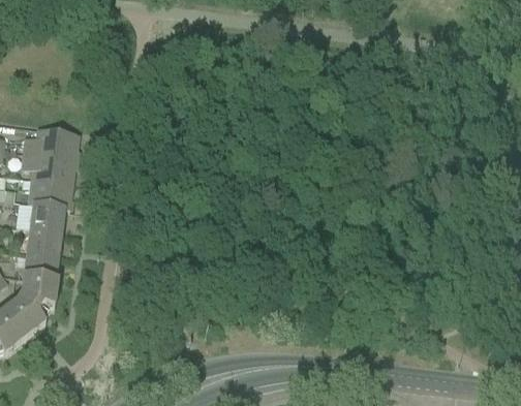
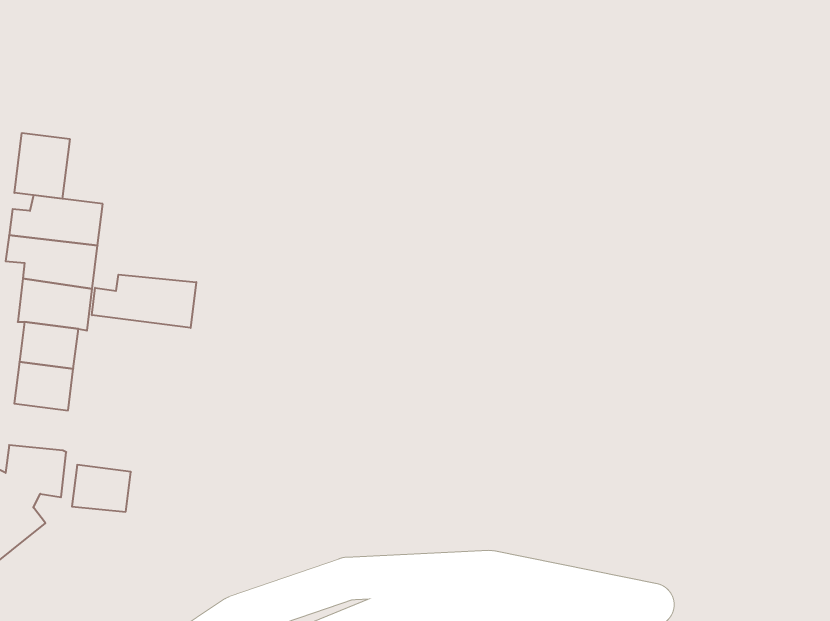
building: none -> [14,133,70,199]
building: none -> [92,275,196,328]
building: [24,247,59,275] -> [72,465,131,512]

